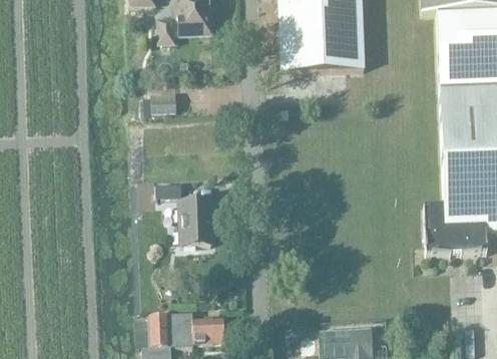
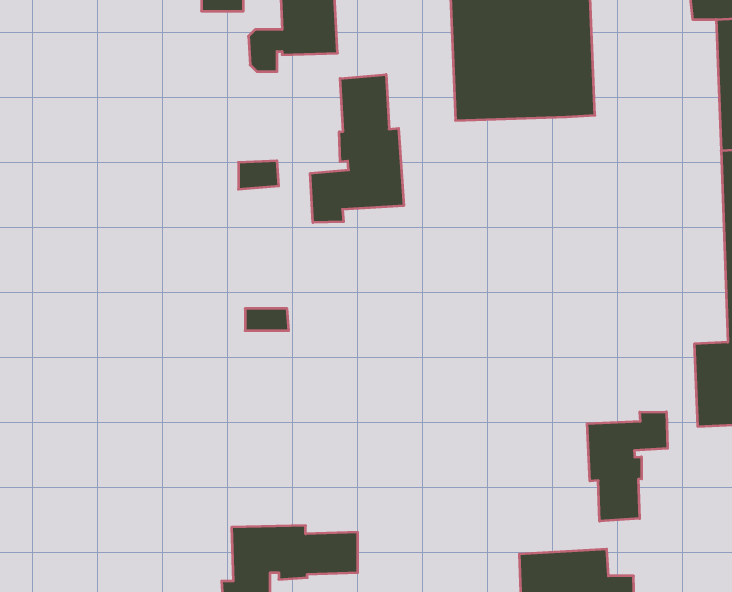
building: none -> [310,74,404,223]
building: [180,201,213,246] -> none
building: none -> [587,412,668,521]

